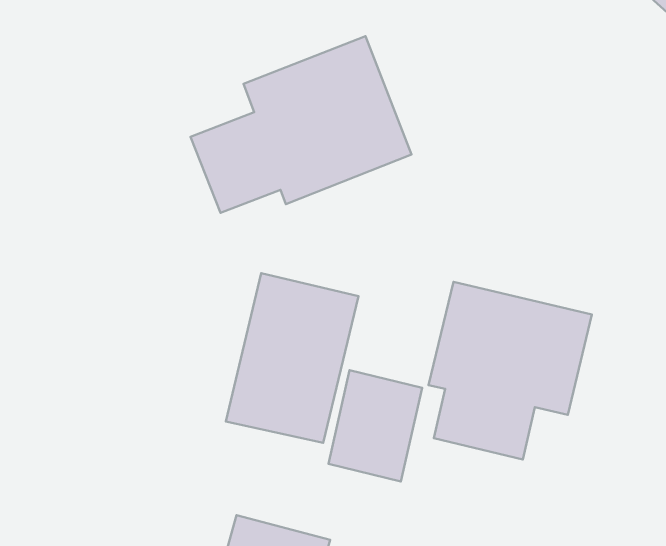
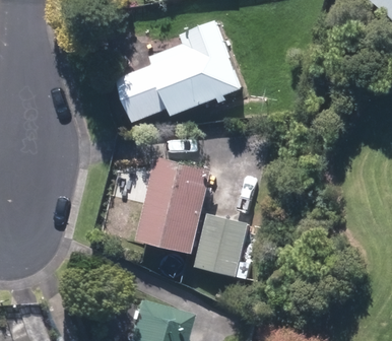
building: [429,282,592,459] -> none

